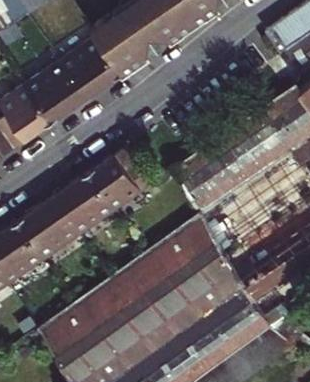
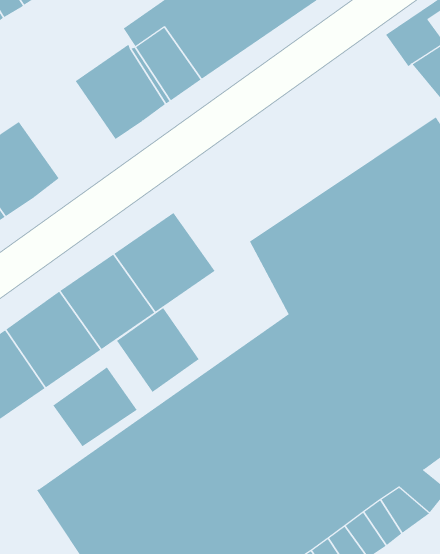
building: [24,63,86,126] -> none
building: none -> [116,307,199,393]
building: none -> [52,367,138,447]

